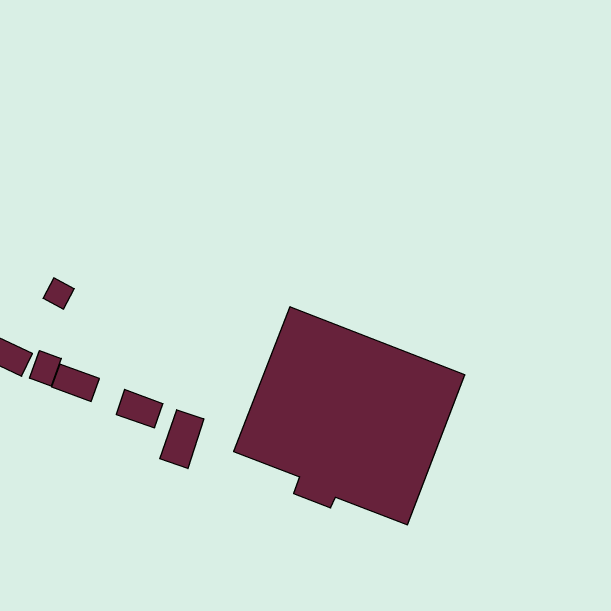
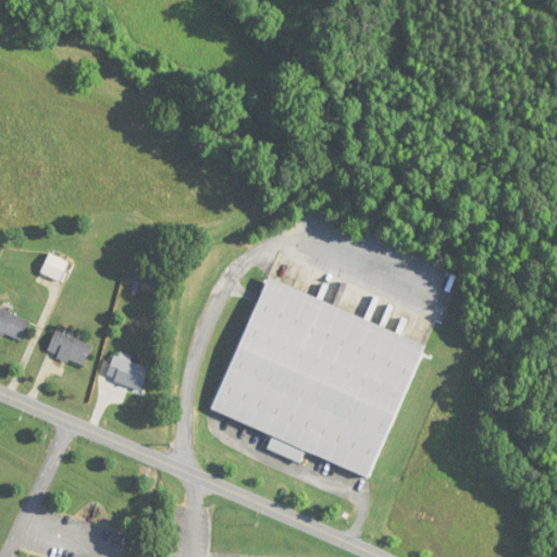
building: [30,351,61,386] -> none
building: [160,410,204,469] -> none

